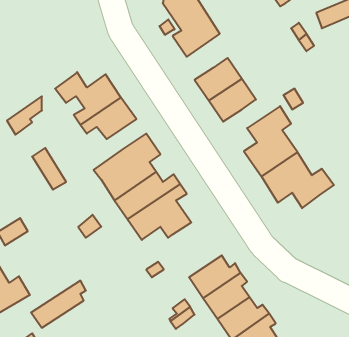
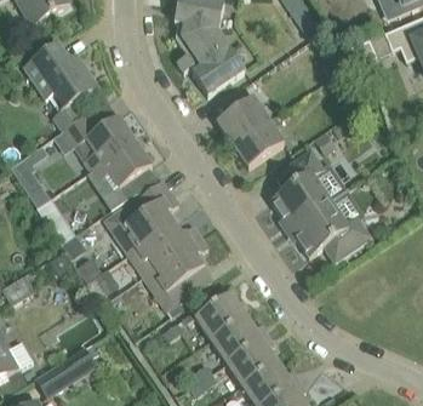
building: none -> [23,44,98,131]
building: none -> [194,287,246,339]

